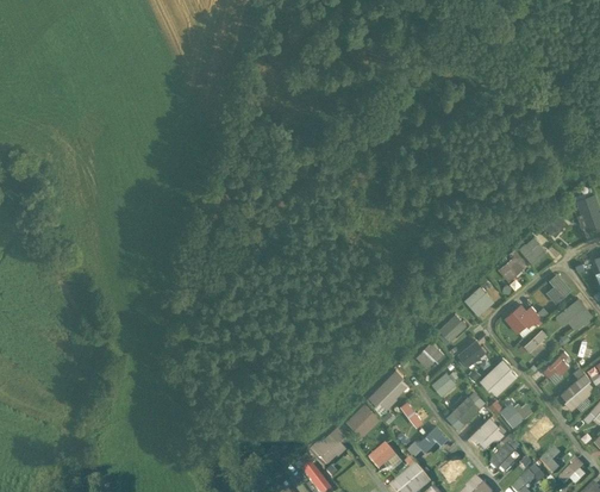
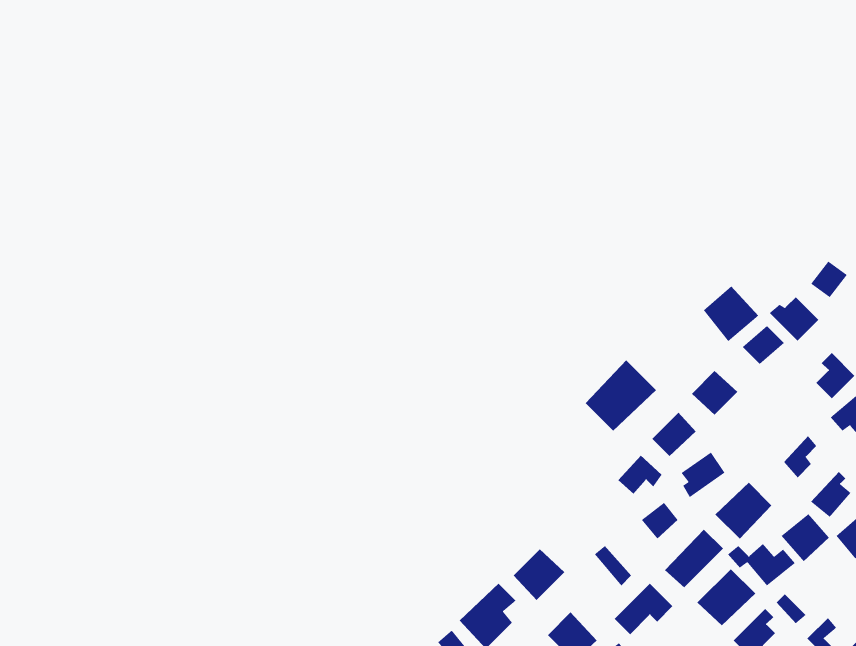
building: none -> [703,286,759,342]
building: none -> [585,360,657,432]
building: [504,303,543,338] -> none
building: [365,369,410,413] -> none
building: none -> [780,513,830,562]

